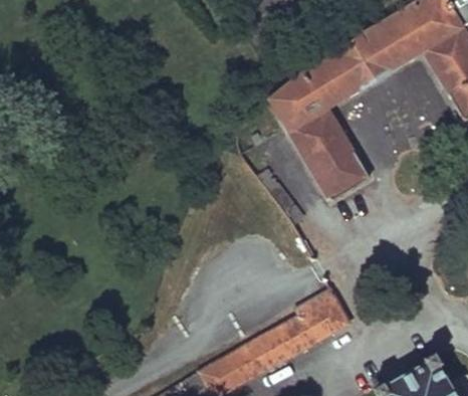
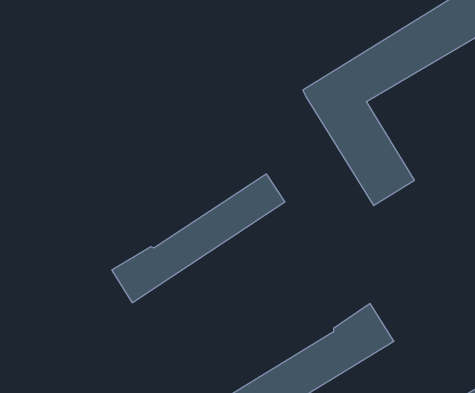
building: none -> [112,174,285,303]

